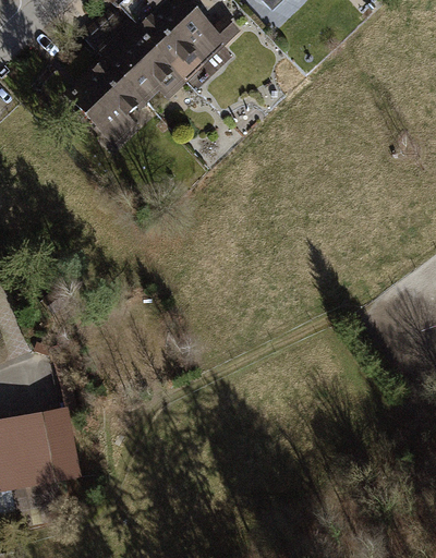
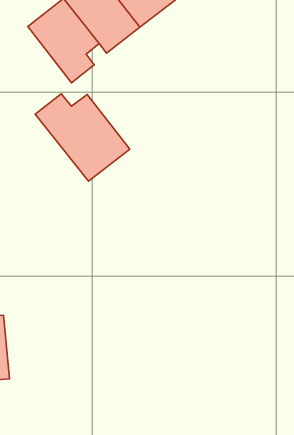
building: none -> [35,94,130,181]

